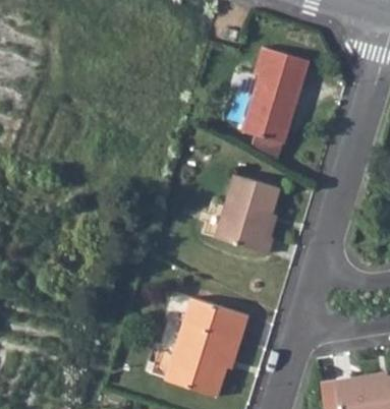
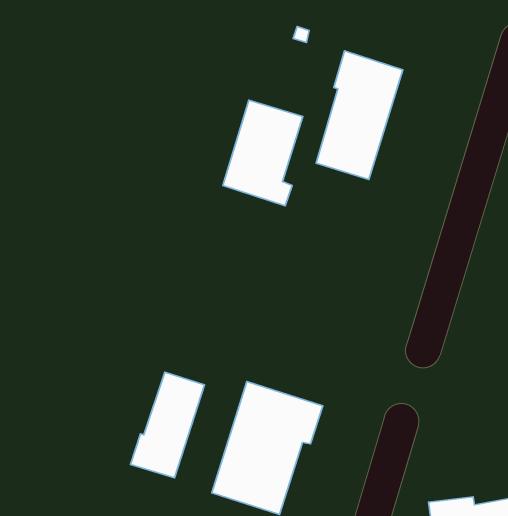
building: [216,172,276,251] -> [223,100,303,206]
building: none -> [130,372,204,478]

